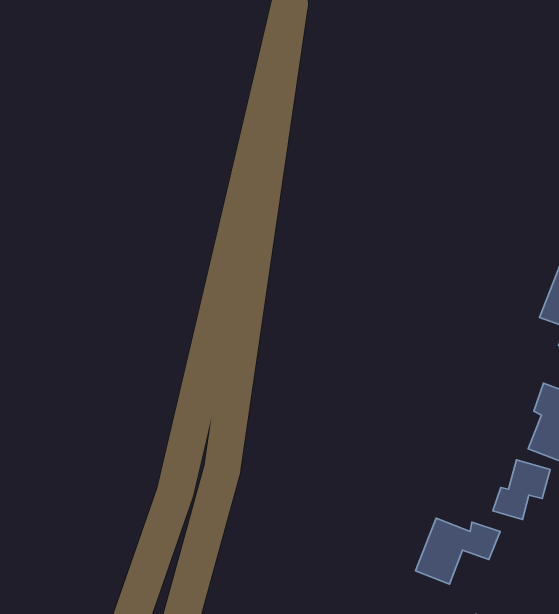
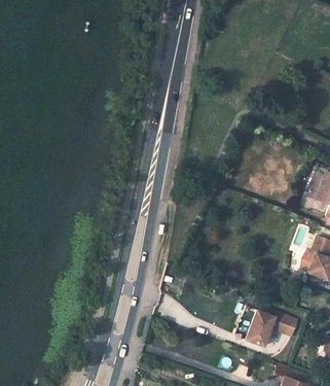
building: [493,460,550,520] -> none

